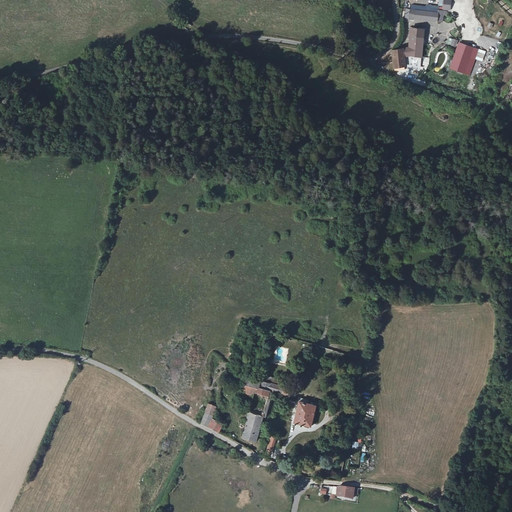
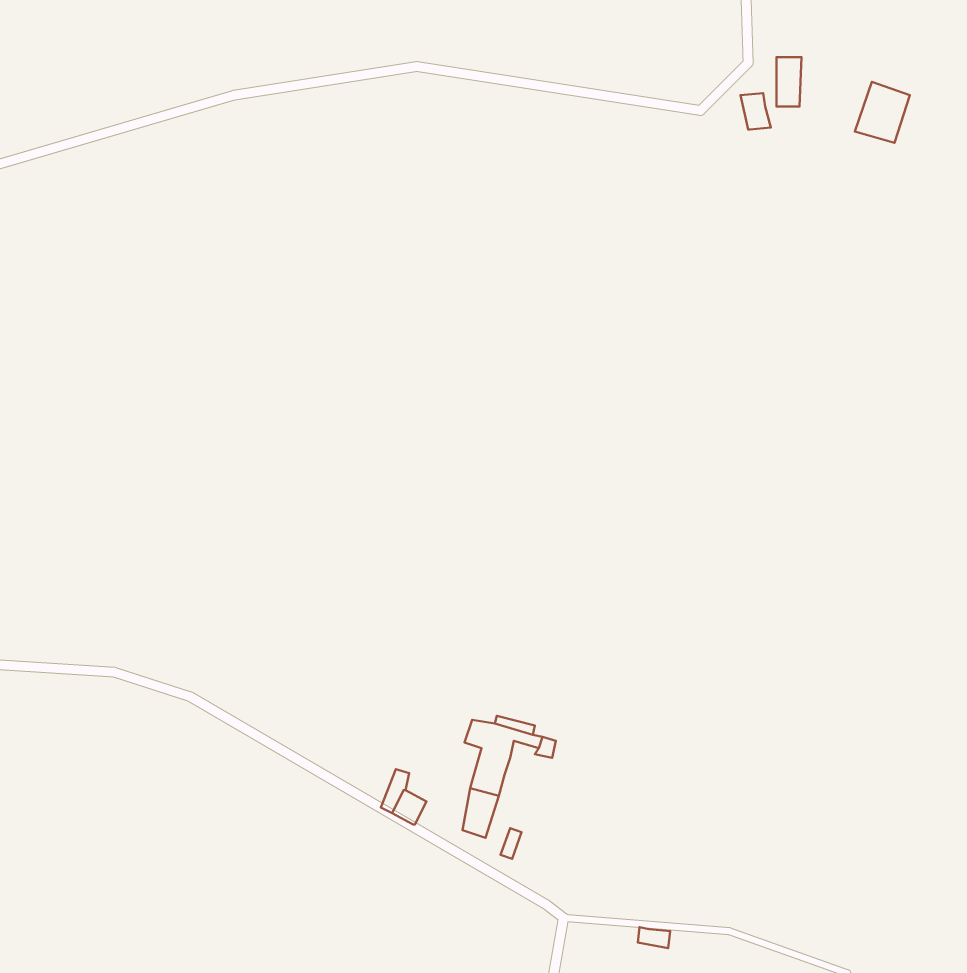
building: [401,4,438,22] -> none
building: [294,401,316,426] -> none

